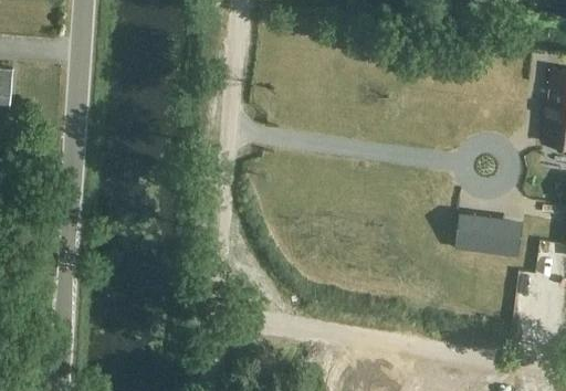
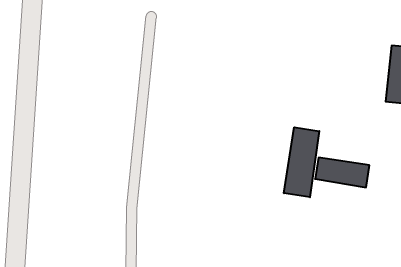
building: none -> [284,127,319,197]

